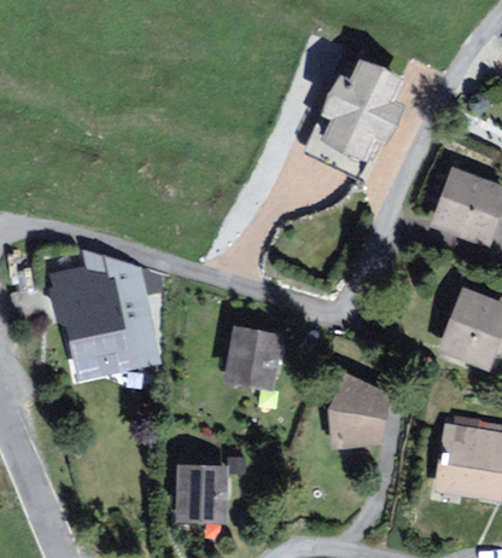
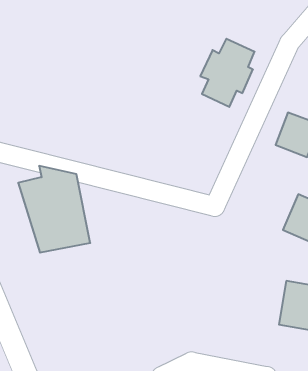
building: [224,325,280,389] -> none
building: [331,388,389,443] -> none
building: [177,467,229,523] -> none

